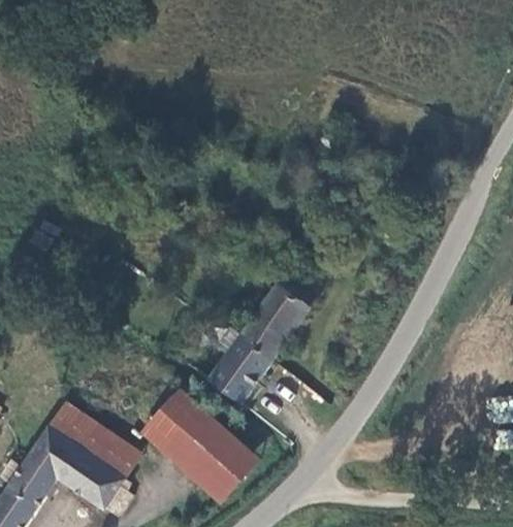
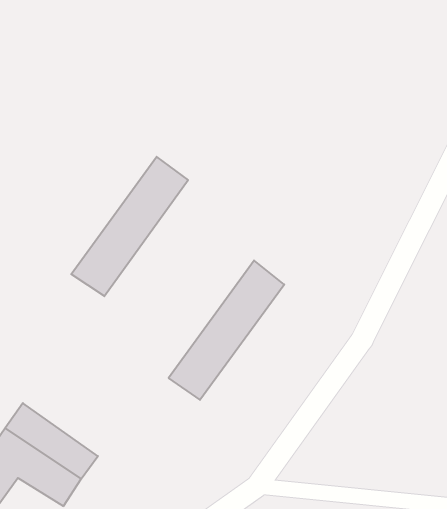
building: none -> [71,157,188,296]
building: [146,393,255,498] -> none

